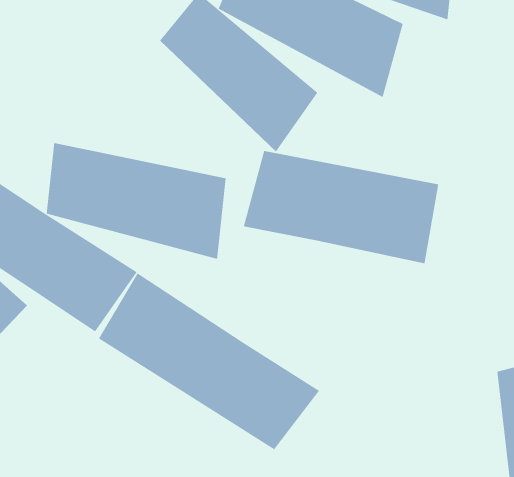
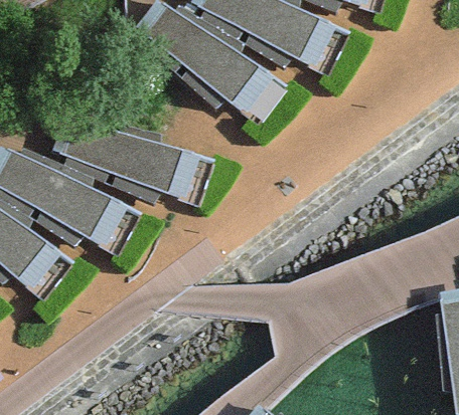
building: [243,150,439,264] -> none
building: [98,272,320,450] -> none

